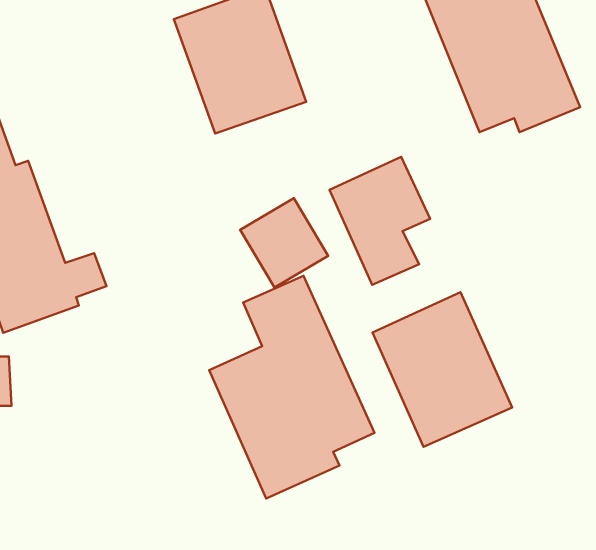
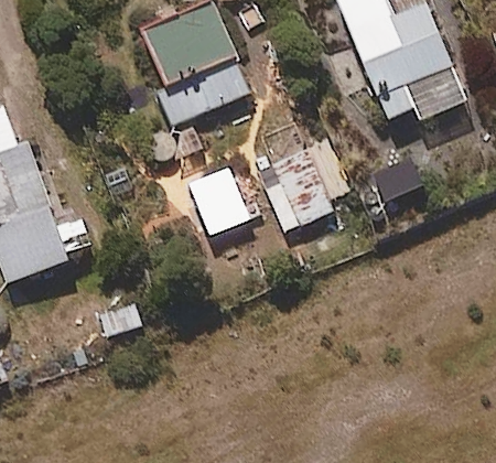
building: [209,276,374,499] -> none
building: [372,292,512,447] -> none

